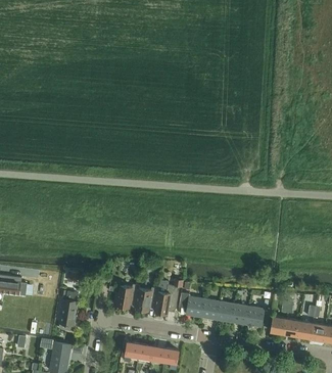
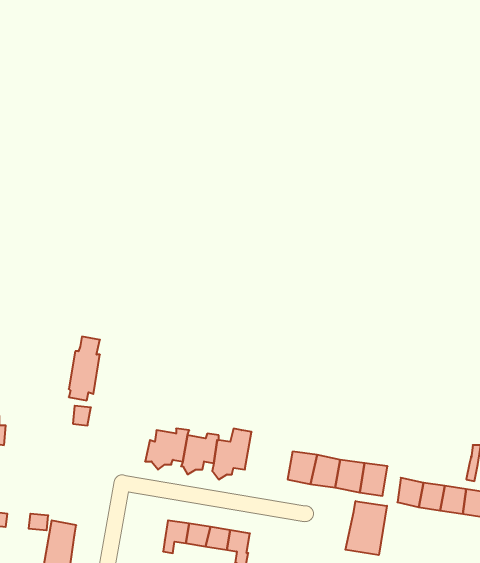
building: [58,290,78,330] -> [69,337,100,400]
building: [179,292,204,317] -> none
building: none -> [345,501,387,555]

